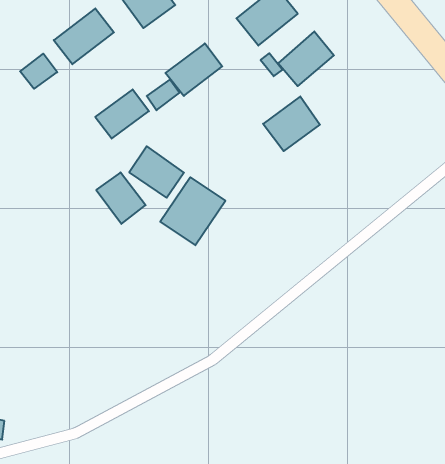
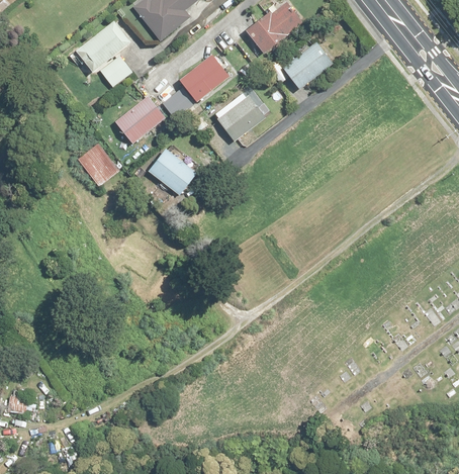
building: [20,54,57,89] -> [99,54,133,86]
building: [263,96,320,151] -> [213,89,266,139]
building: [96,172,146,224] -> [75,138,120,186]
building: [160,177,225,245] -> none

